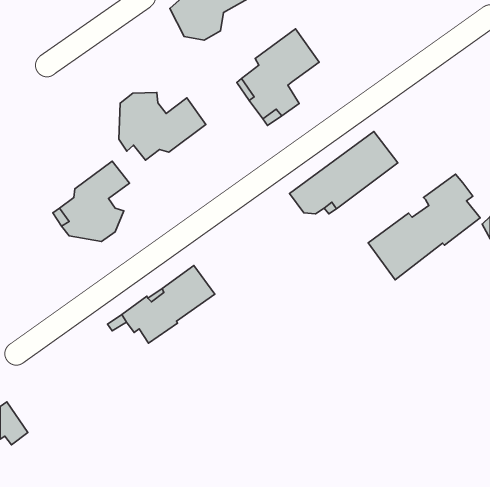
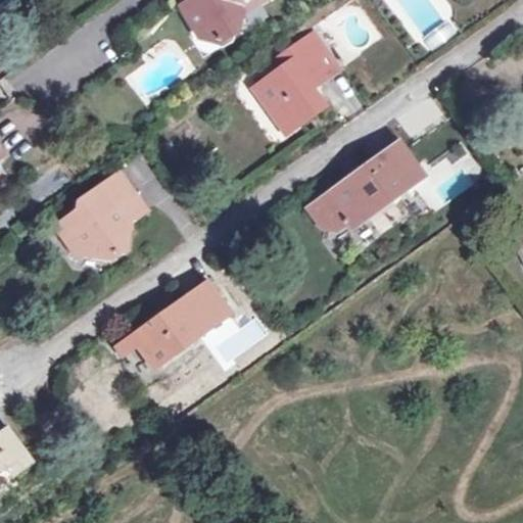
building: [119,93,206,160] -> none
building: [368,174,480,280] -> none

